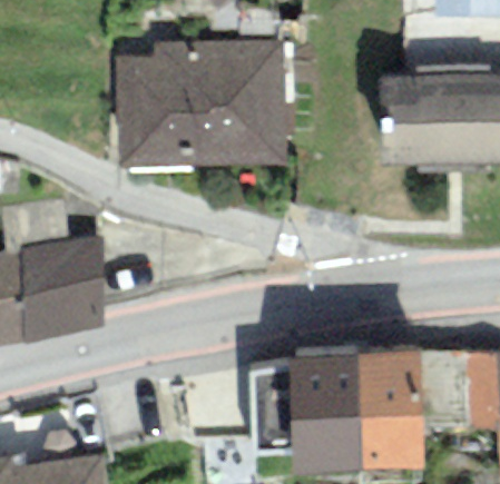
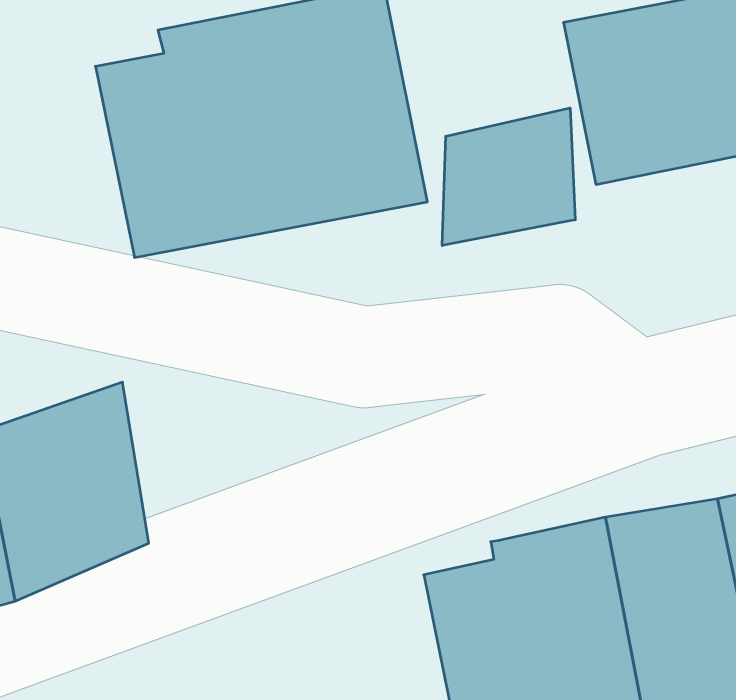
building: none -> [442,108,575,246]

